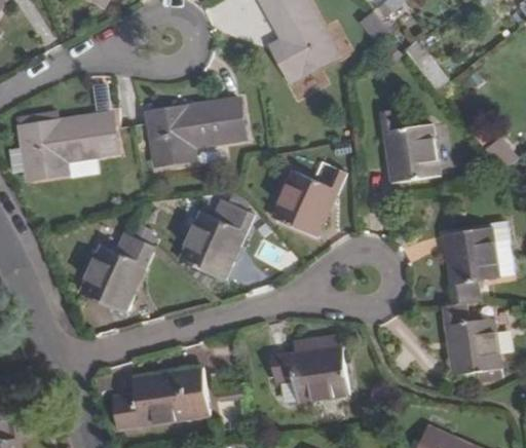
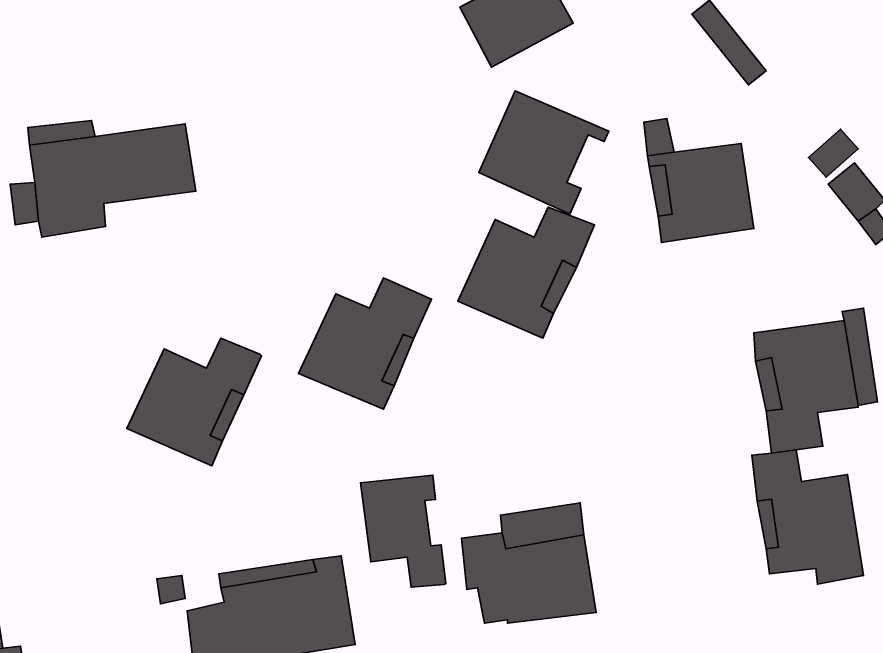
building: none -> [479,91,609,214]
building: [147,99,243,164] -> none
building: none -> [361,475,446,587]

